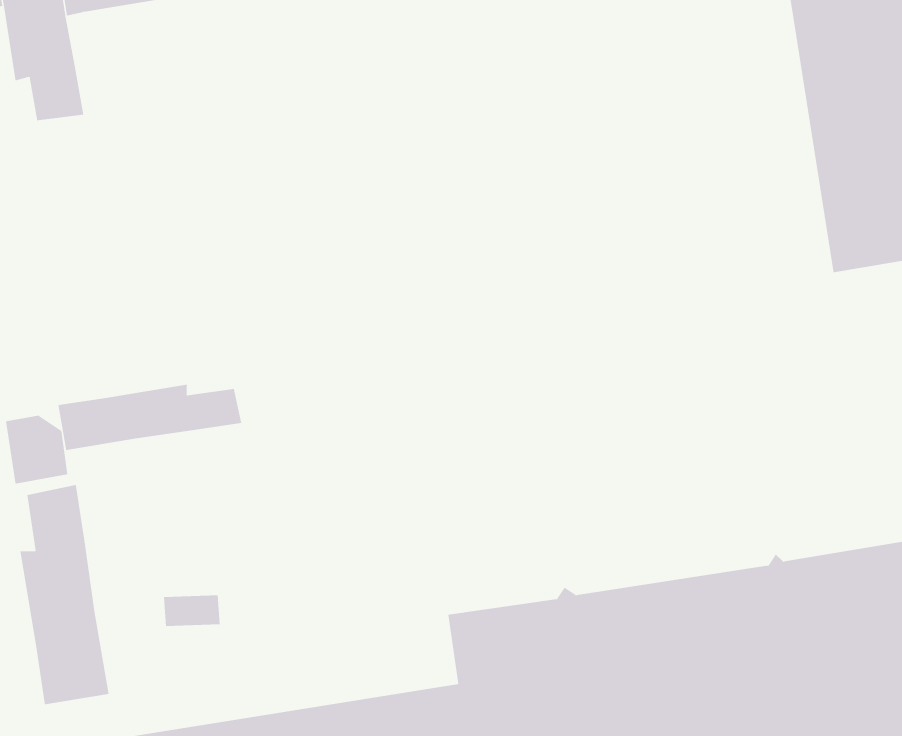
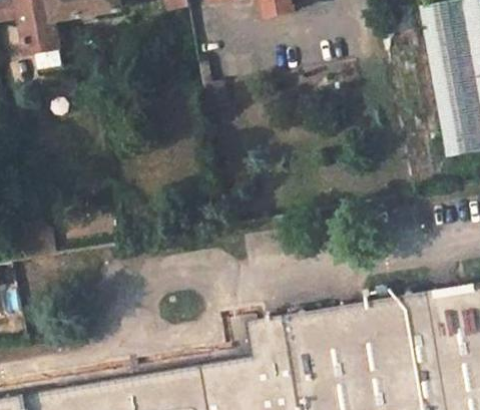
building: [58,384,242,451] -> none
building: [20,484,109,705] -> none

